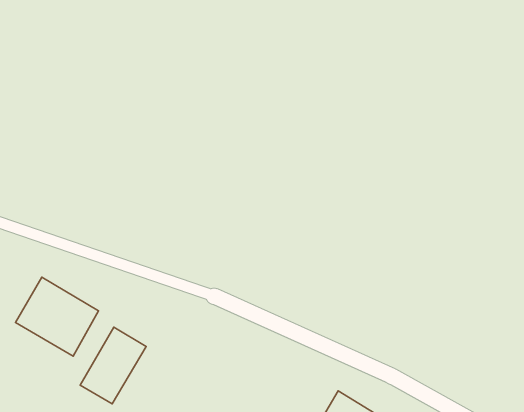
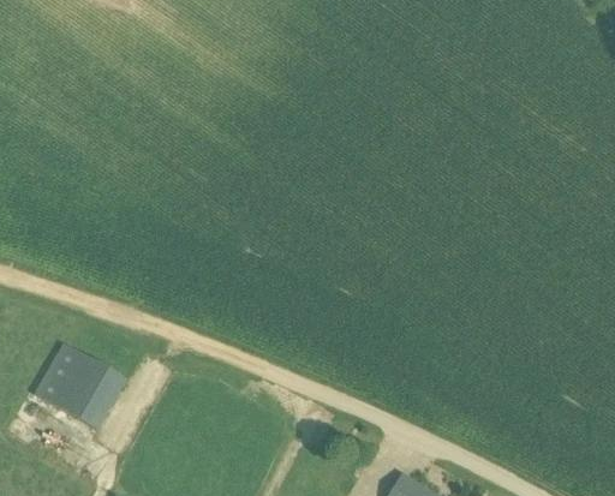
building: [80,327,146,404] -> none

